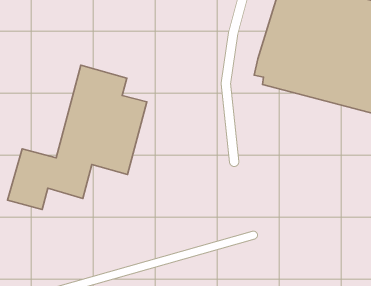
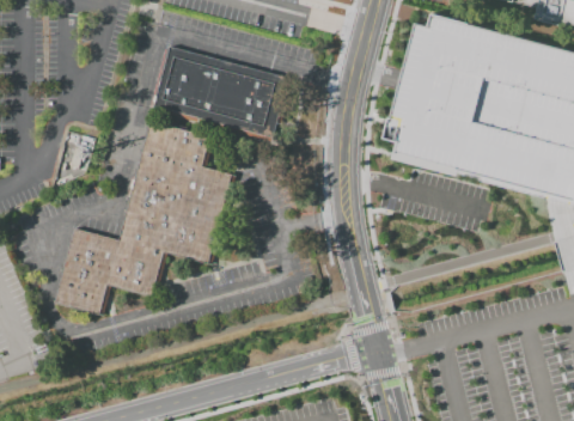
building: none -> [148,47,288,136]

